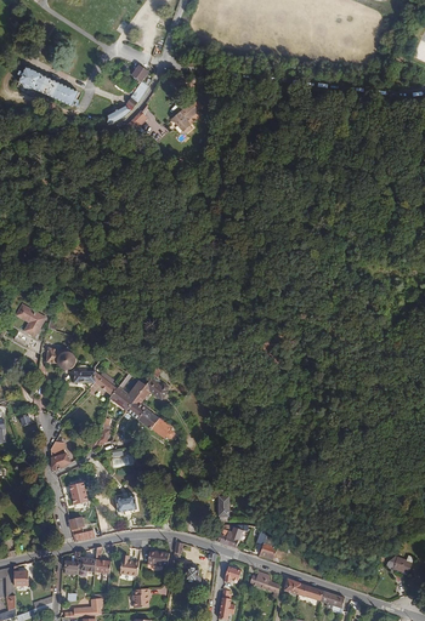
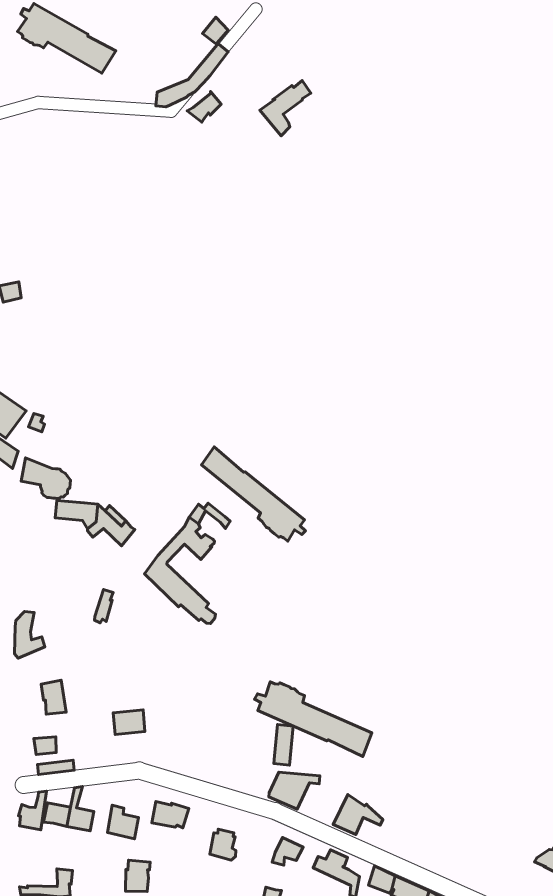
building: none -> [202,447,306,541]
building: [109,374,146,411] -> none
building: none -> [254,682,372,756]

